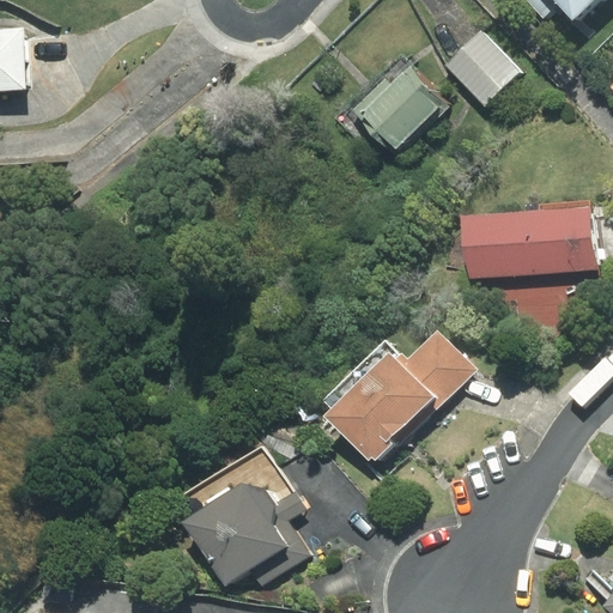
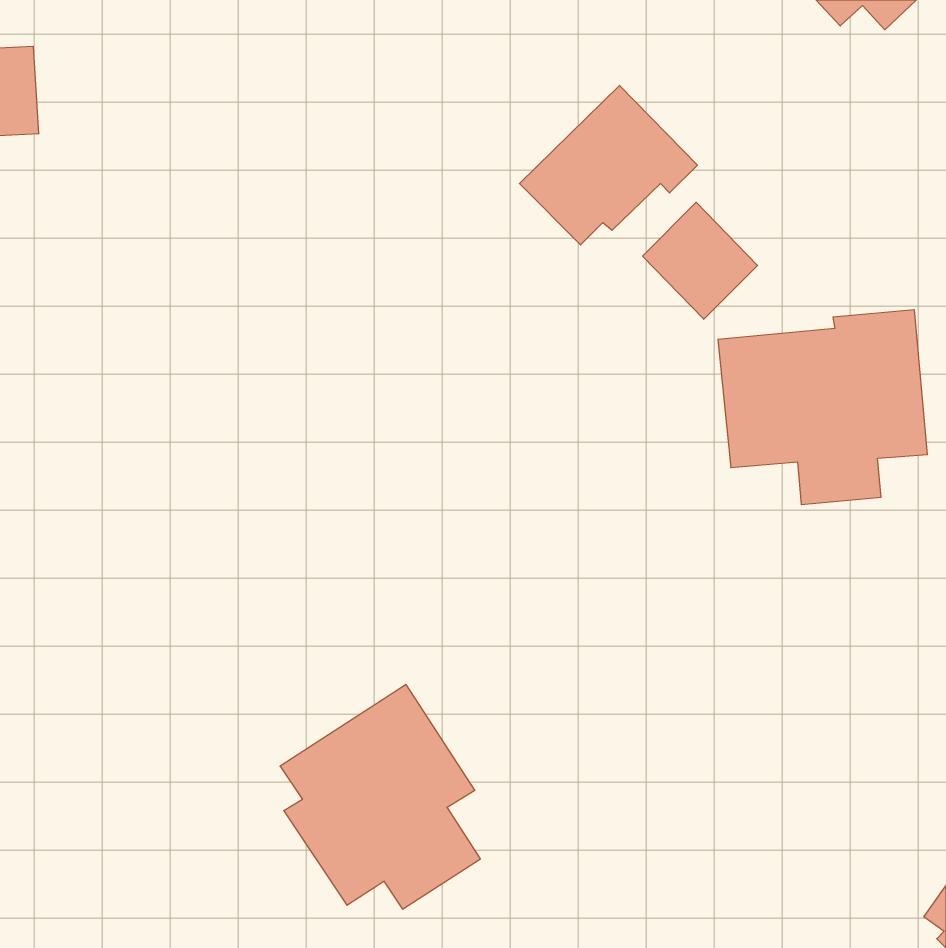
building: [445,32,520,108] -> [643,202,758,319]
building: [323,328,477,465] -> none

